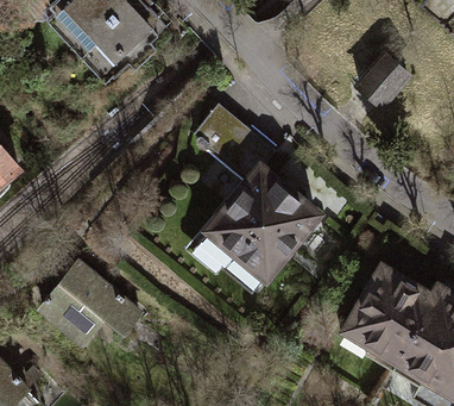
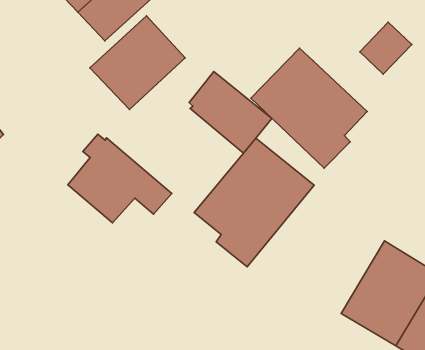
building: none -> [90,16,185,110]
building: none -> [251,48,367,168]
building: [43,257,143,343] -> [68,134,172,223]

